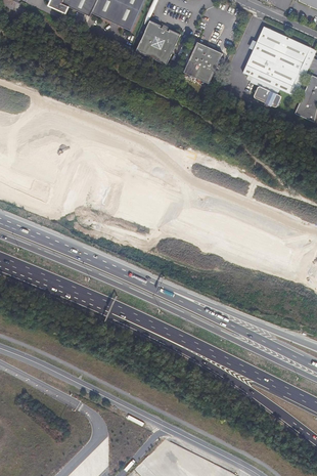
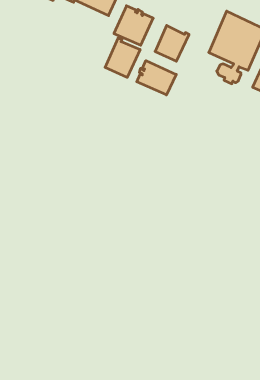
building: none -> [105,38,140,77]
building: none -> [137,61,176,95]

